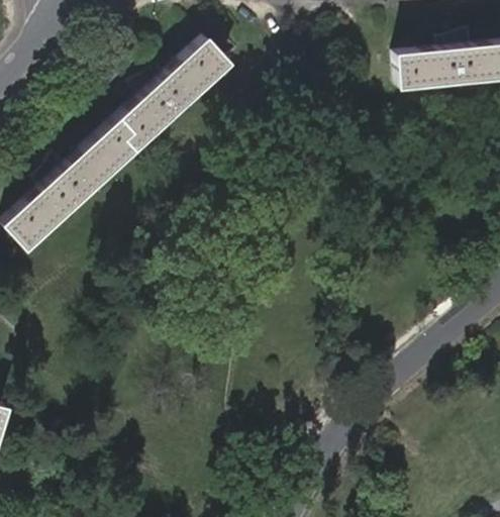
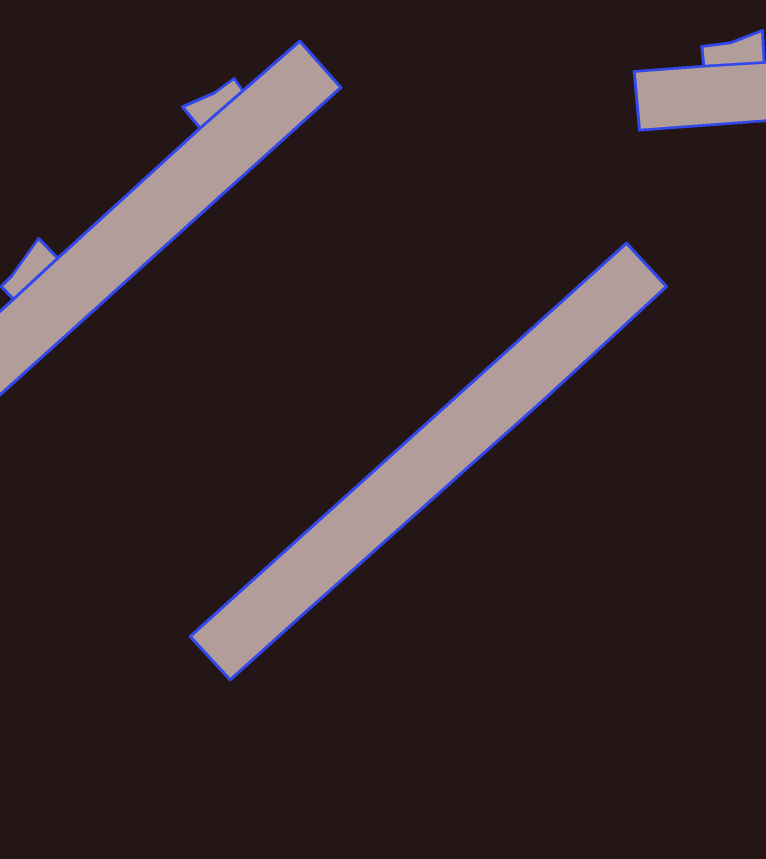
building: none -> [190,243,667,680]

